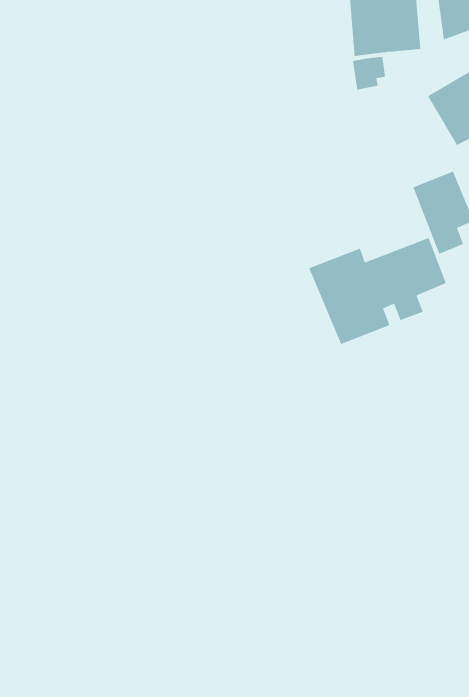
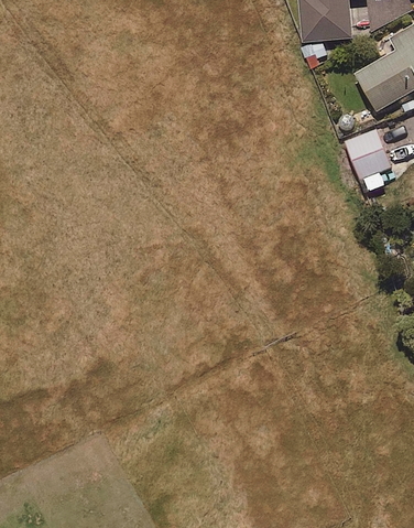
building: [309,237,446,345] -> none

